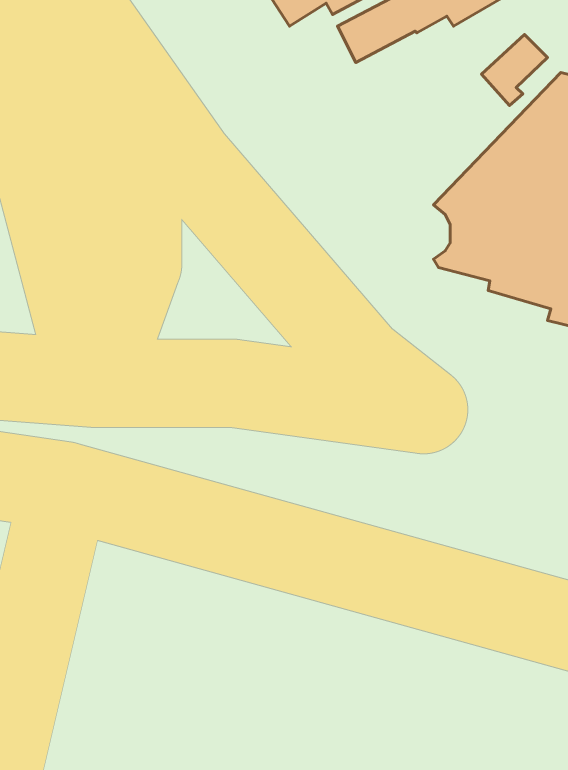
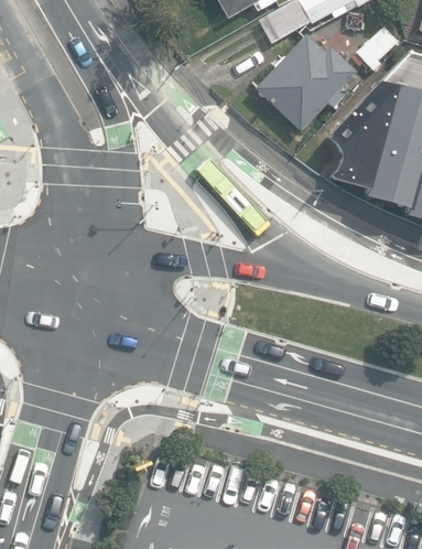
building: none -> [256,32,358,130]

